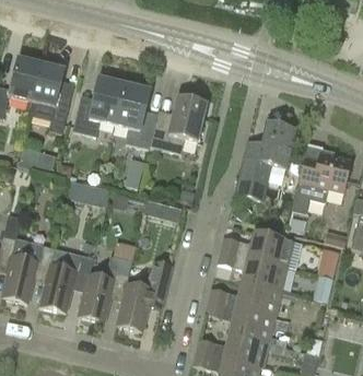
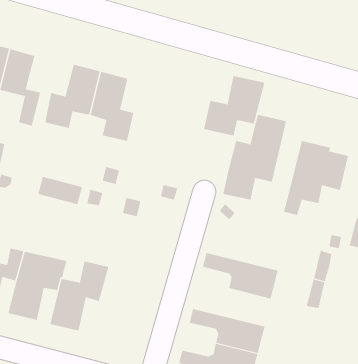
building: [150,95,207,151] -> [203,75,265,136]
building: [221,228,294,265] -> none
building: [116,260,172,329] -> none
building: [209,281,281,316] -> none

